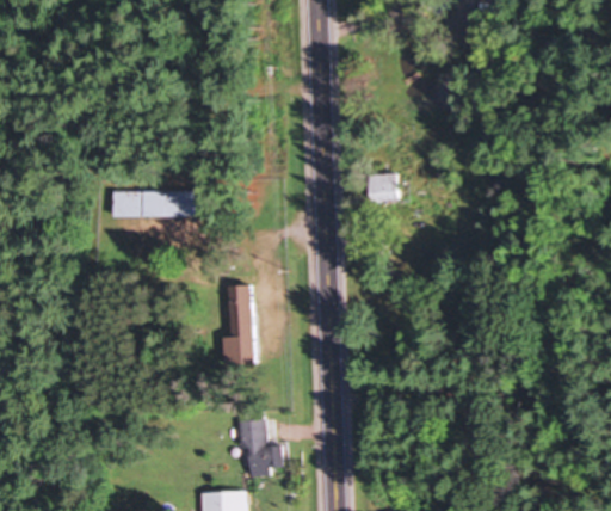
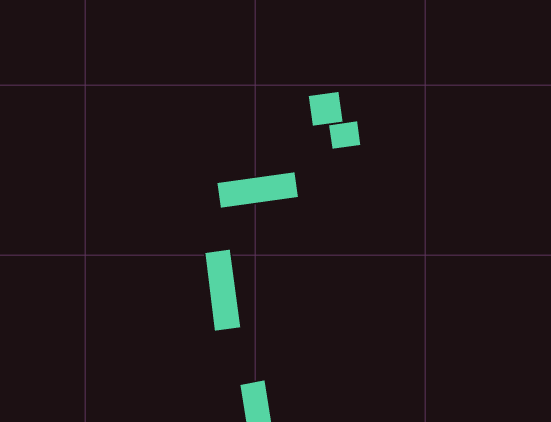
building: none -> [308,91,343,127]
building: [115,190,195,216] -> [216,172,299,209]

